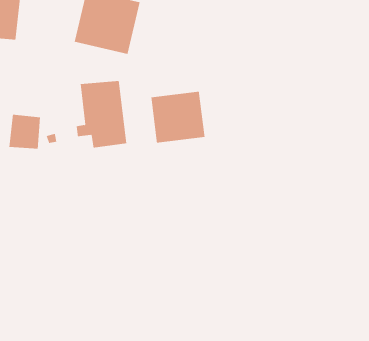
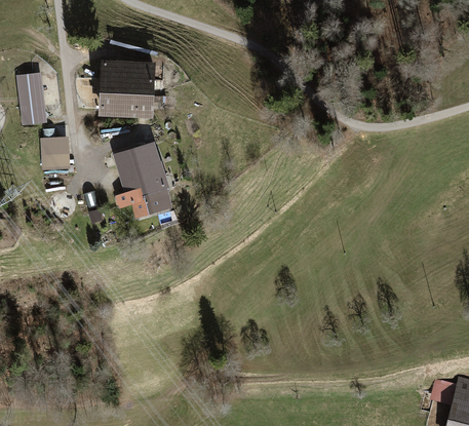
building: [151,91,205,143] -> none
building: [8,114,41,149] -> [40,135,72,170]

